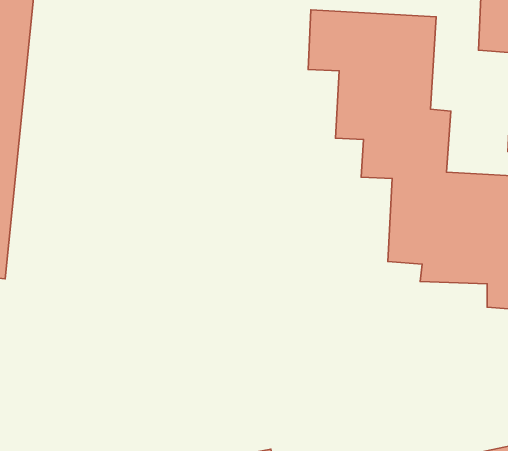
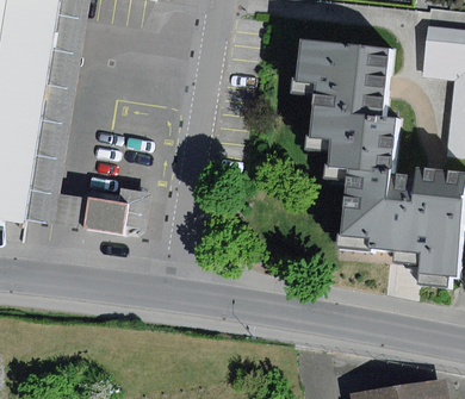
building: none -> [82,197,128,233]

